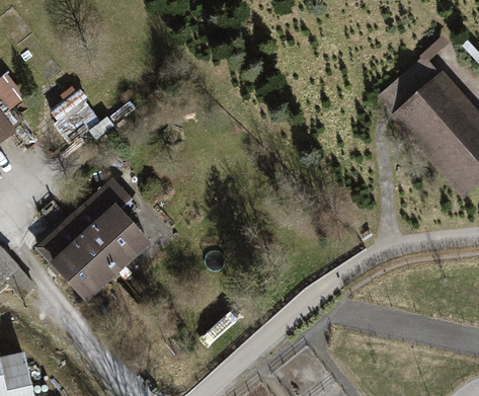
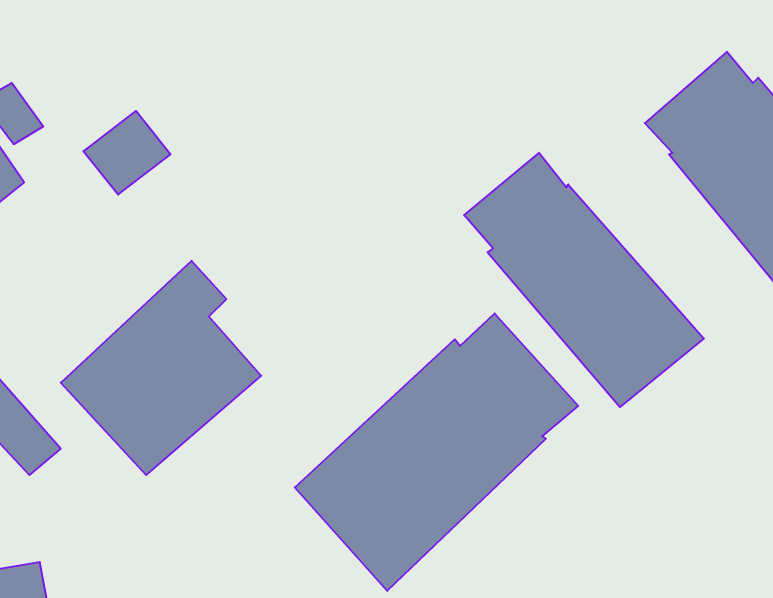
building: none -> [464,153,704,407]
building: none -> [295,313,578,591]

